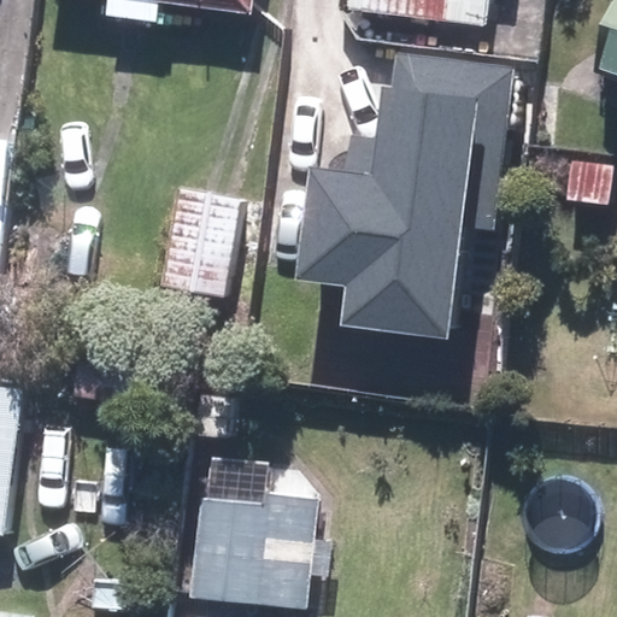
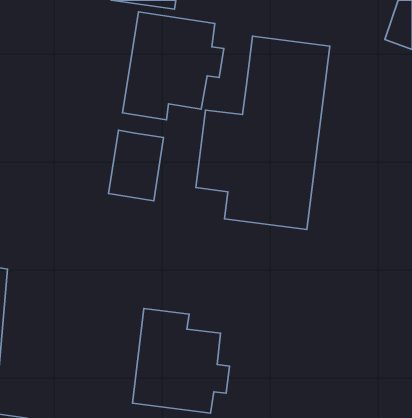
building: none -> [122,12,224,120]

